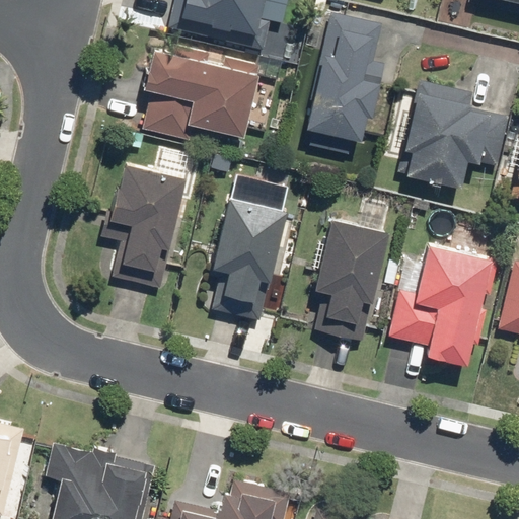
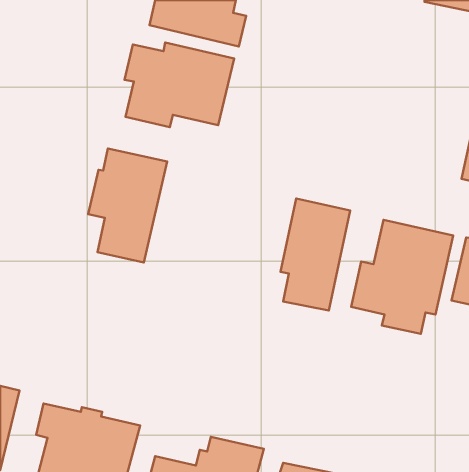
building: [304,13,385,143] -> none
building: [398,80,510,190] -> none
building: [209,178,293,323] -> none

